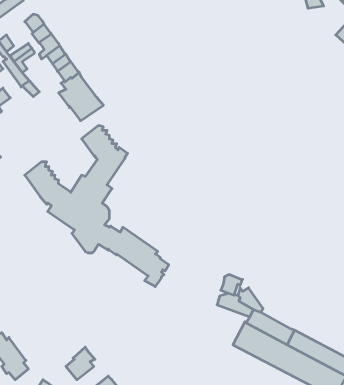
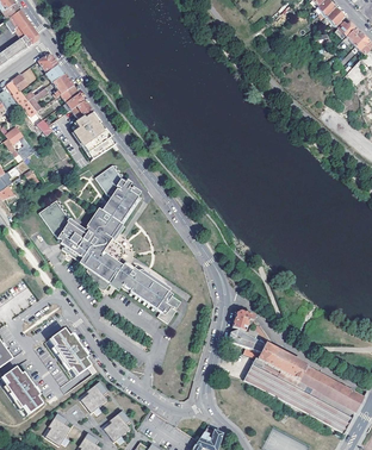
building: none -> [45,326,98,373]

